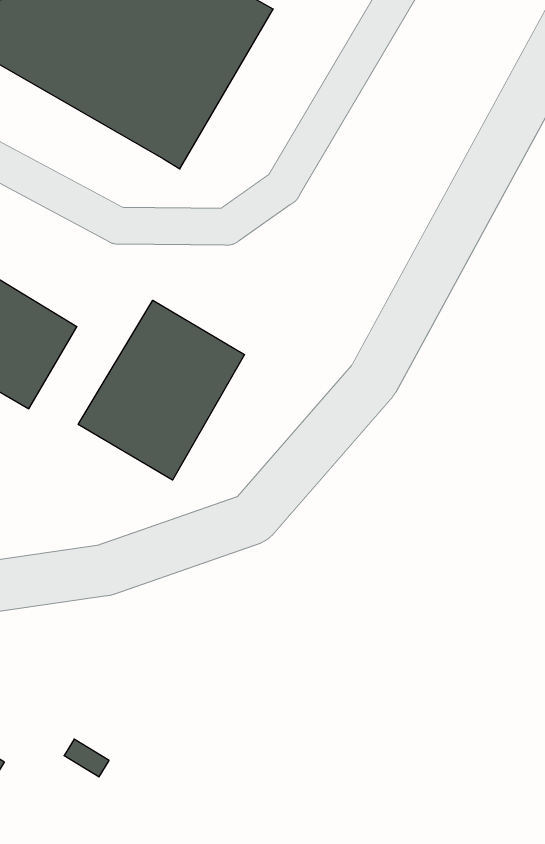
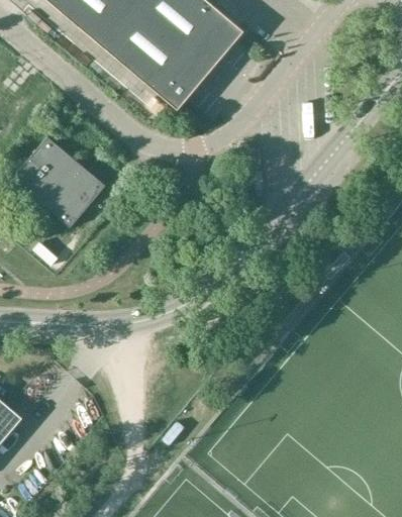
building: [78,300,245,480] -> none

